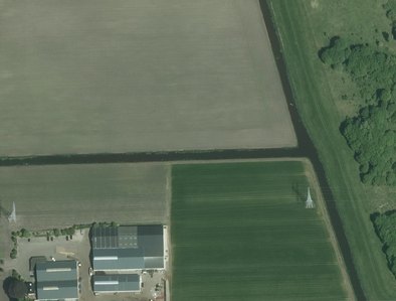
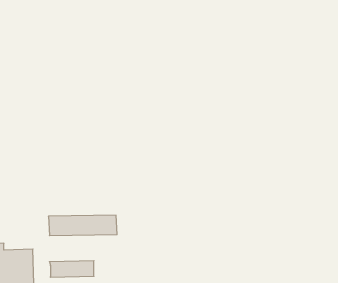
building: [93,247,165,271] -> none

